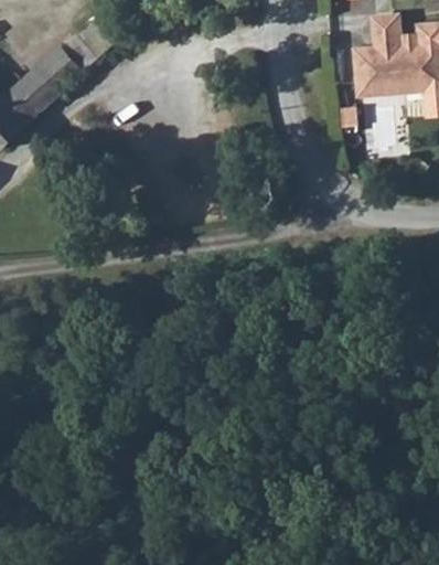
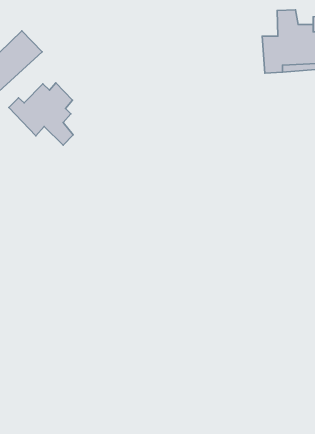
building: none -> [9,83,73,145]

